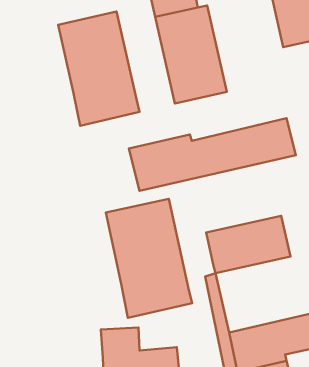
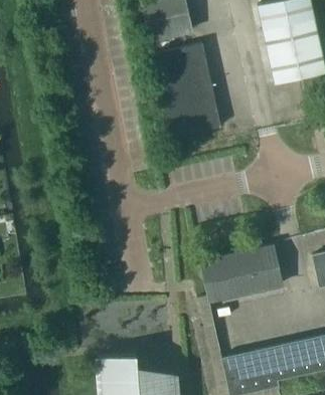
building: [58,12,140,126] -> none
building: [129,118,296,191] -> none
building: [106,199,192,318] -> none

